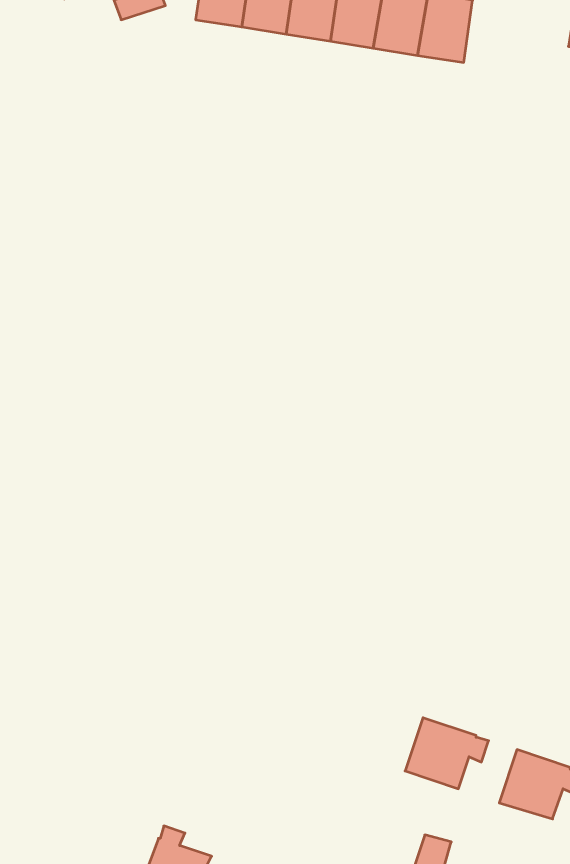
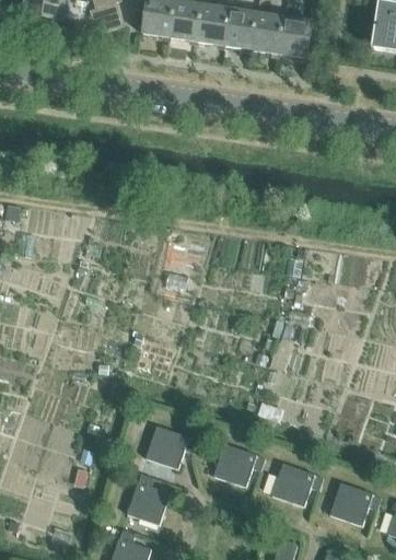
building: none -> [144,424,196,467]
building: none -> [212,442,264,486]
building: none -> [126,472,170,524]

